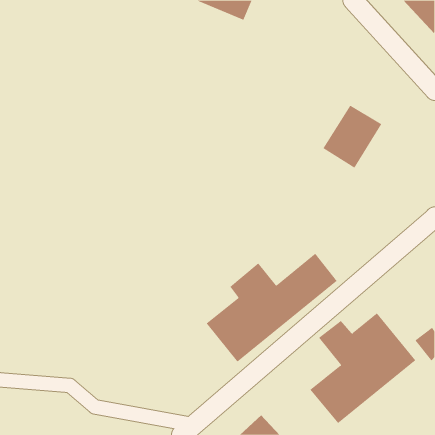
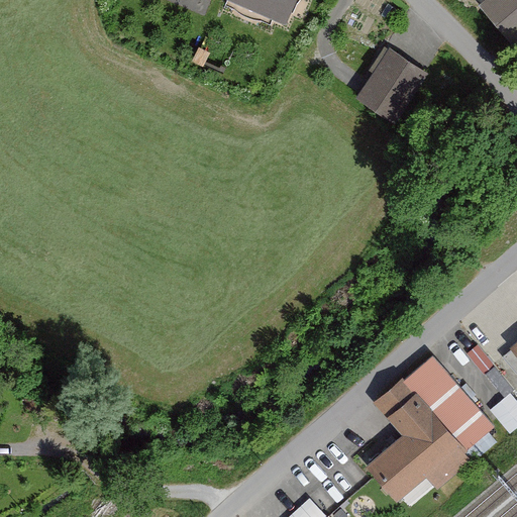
building: [322,105,382,169] -> [354,50,425,126]
building: [206,253,338,362] -> none

